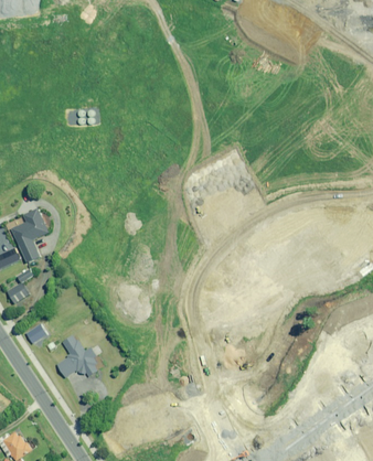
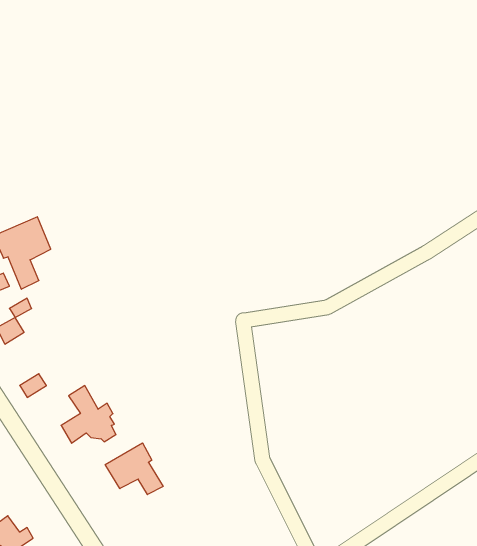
building: none -> [105,443,163,495]

